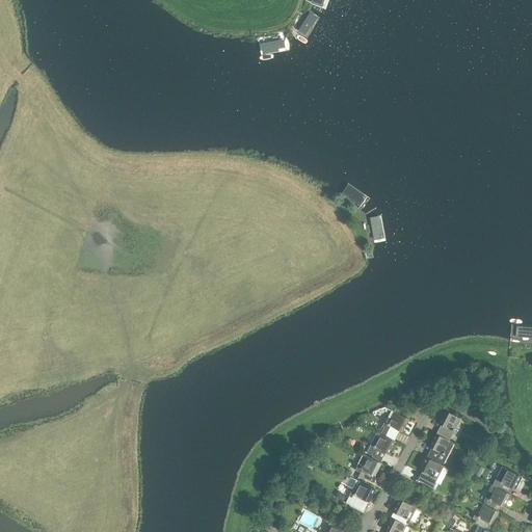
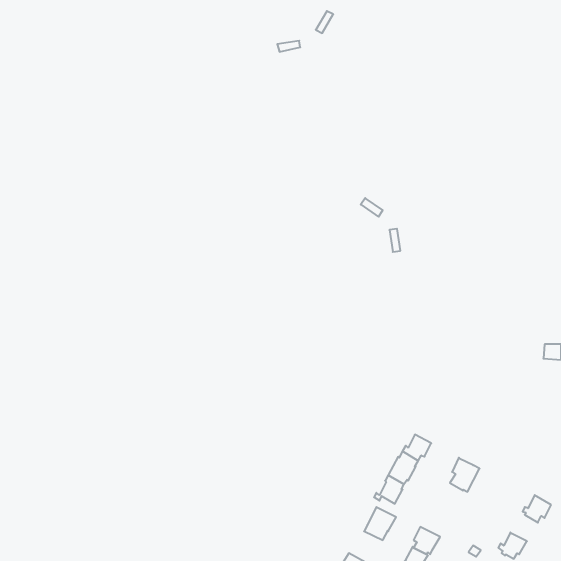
building: [434,410,458,441] -> none
building: [417,457,443,489] -> none
building: [482,485,509,511] -> none

